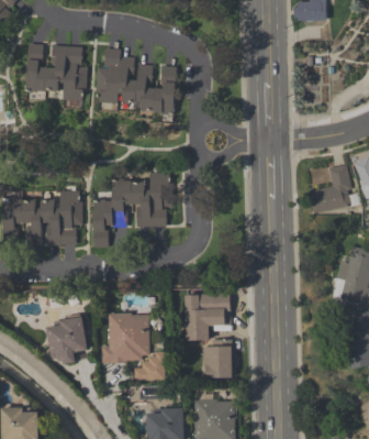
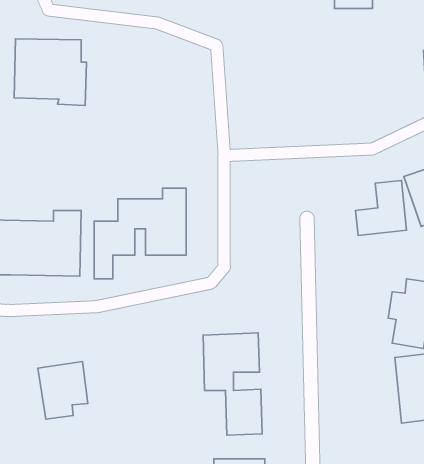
building: [96,50,176,110] -> none
building: [100,312,165,380] -> none

